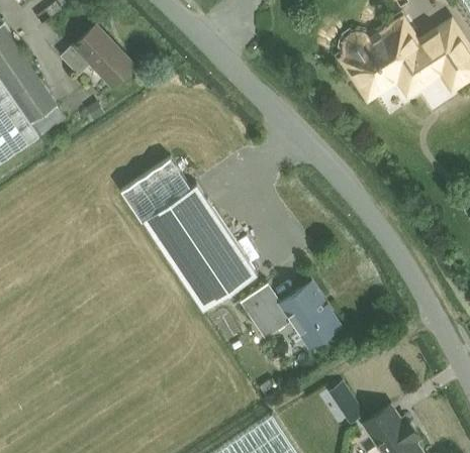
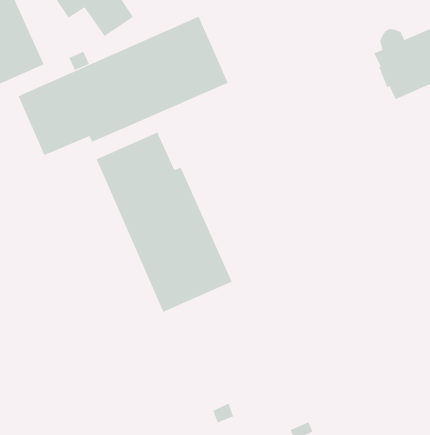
building: none -> [18,16,228,156]
building: [241,284,340,347] -> none

